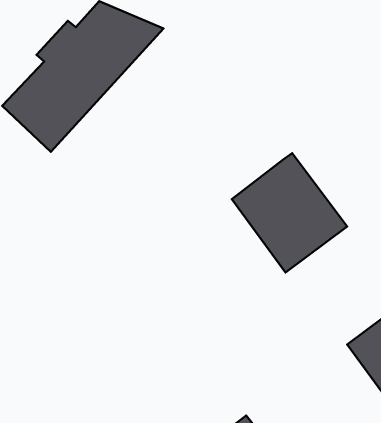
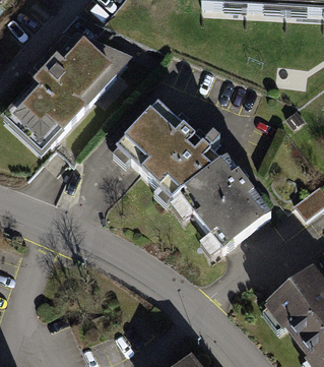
building: none -> [115,100,219,195]

